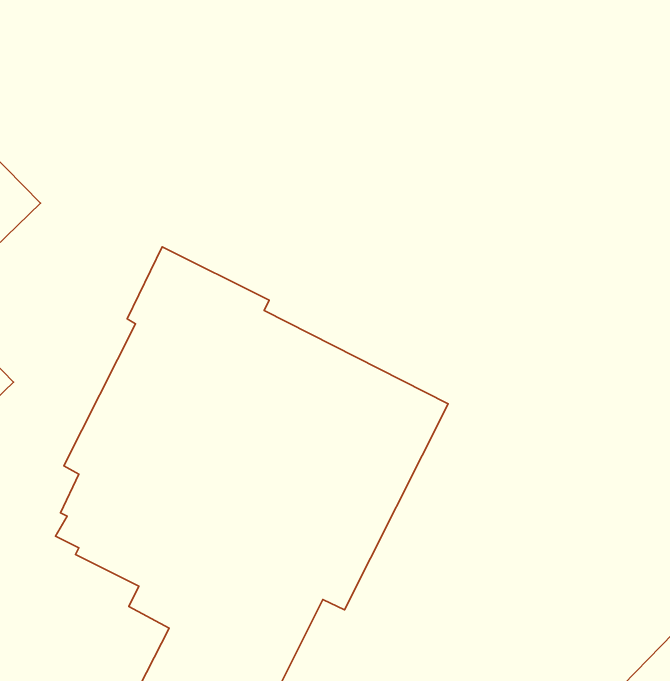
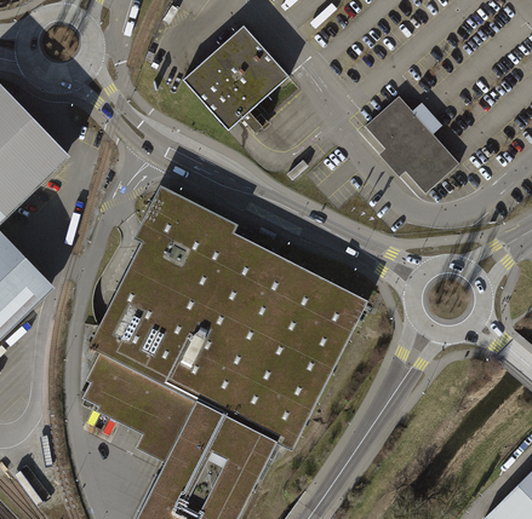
building: none -> [184,25,290,129]
building: none -> [365,96,461,195]

